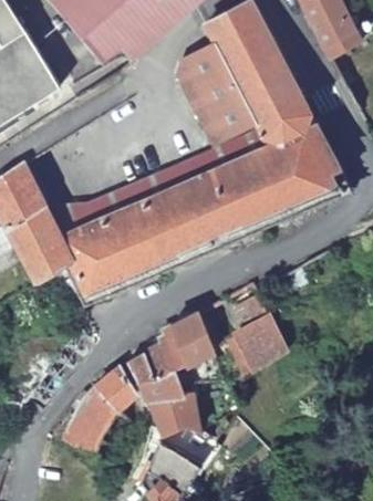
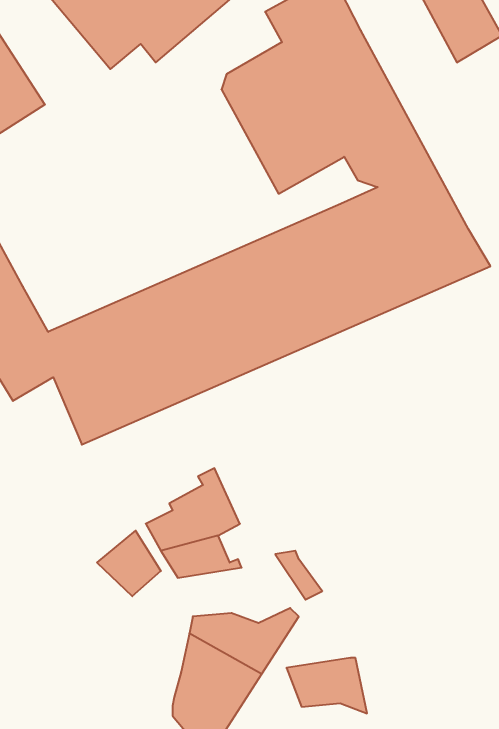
building: [45,133,255,234] -> none
building: [228,294,284,372] -> none
building: [172,310,214,361] -> none
building: [62,386,117,453] -> none
building: [147,389,200,426] -> [286,658,367,713]

